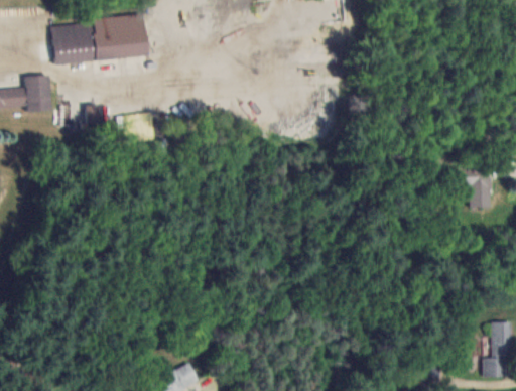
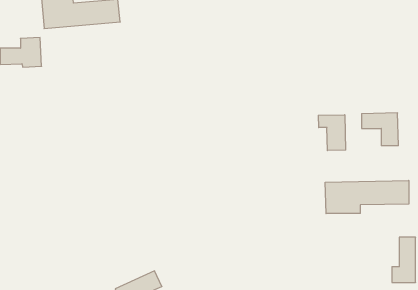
building: none -> [318,115,346,151]
building: none -> [325,180,409,214]

